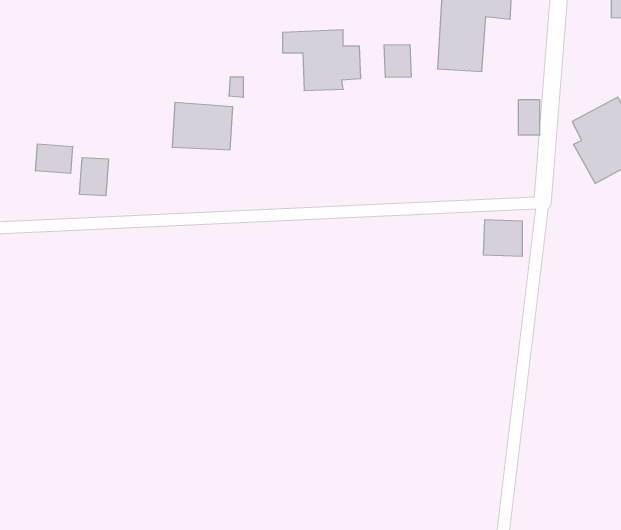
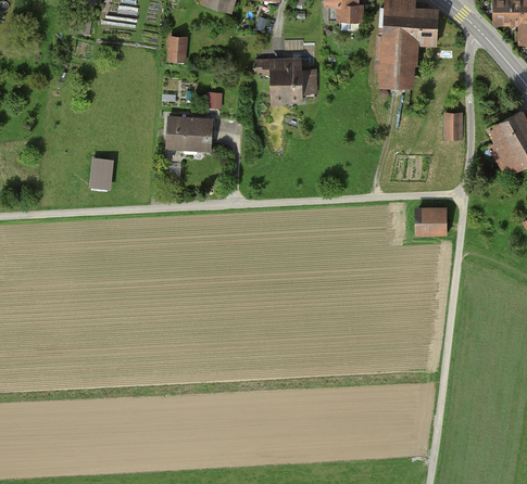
building: none -> [166,36,187,63]
building: [384,45,411,77] -> none
building: [36,144,73,173] -> none

